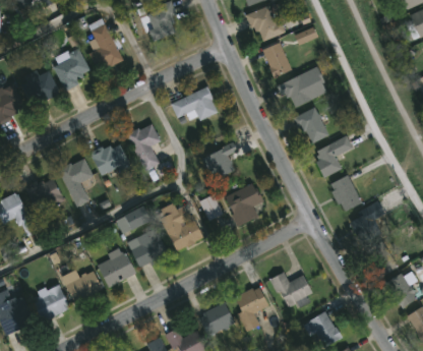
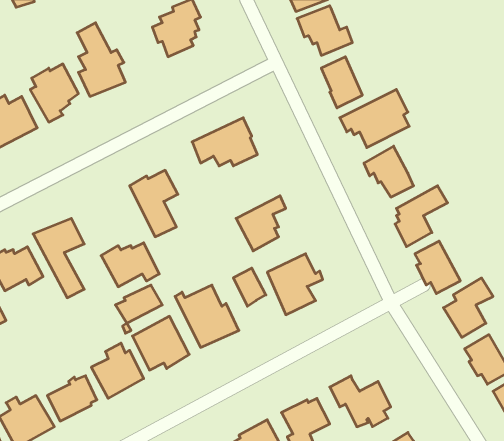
building: [89,143,131,175] -> [101,243,159,287]

